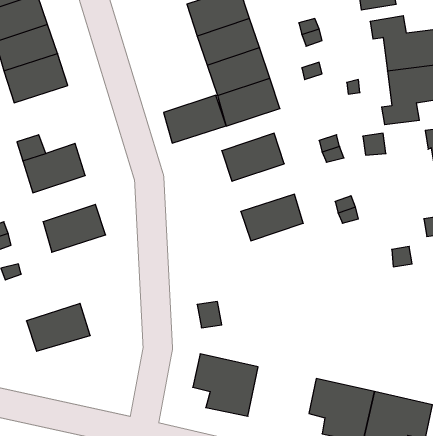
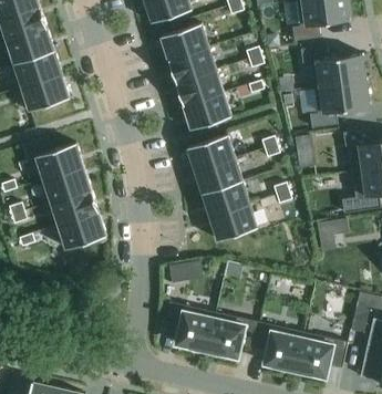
building: [164,95,226,143] -> [195,158,242,195]
building: none -> [43,167,91,203]
building: none -> [209,204,257,241]
building: [26,303,90,351] -> [58,212,106,249]
building: none -> [207,313,259,359]

